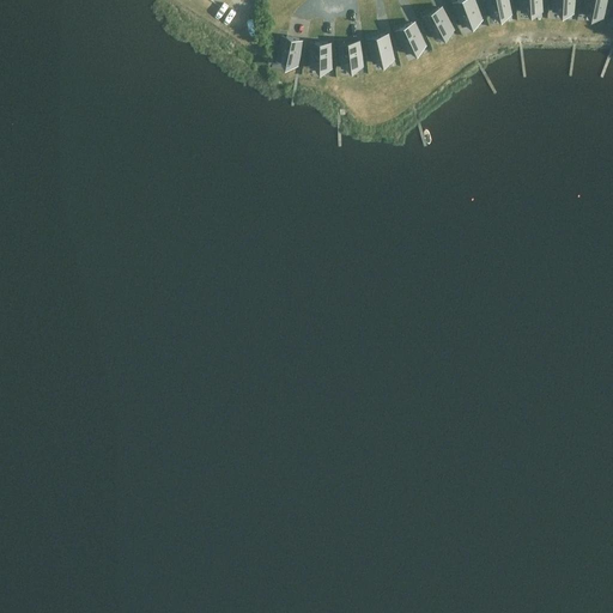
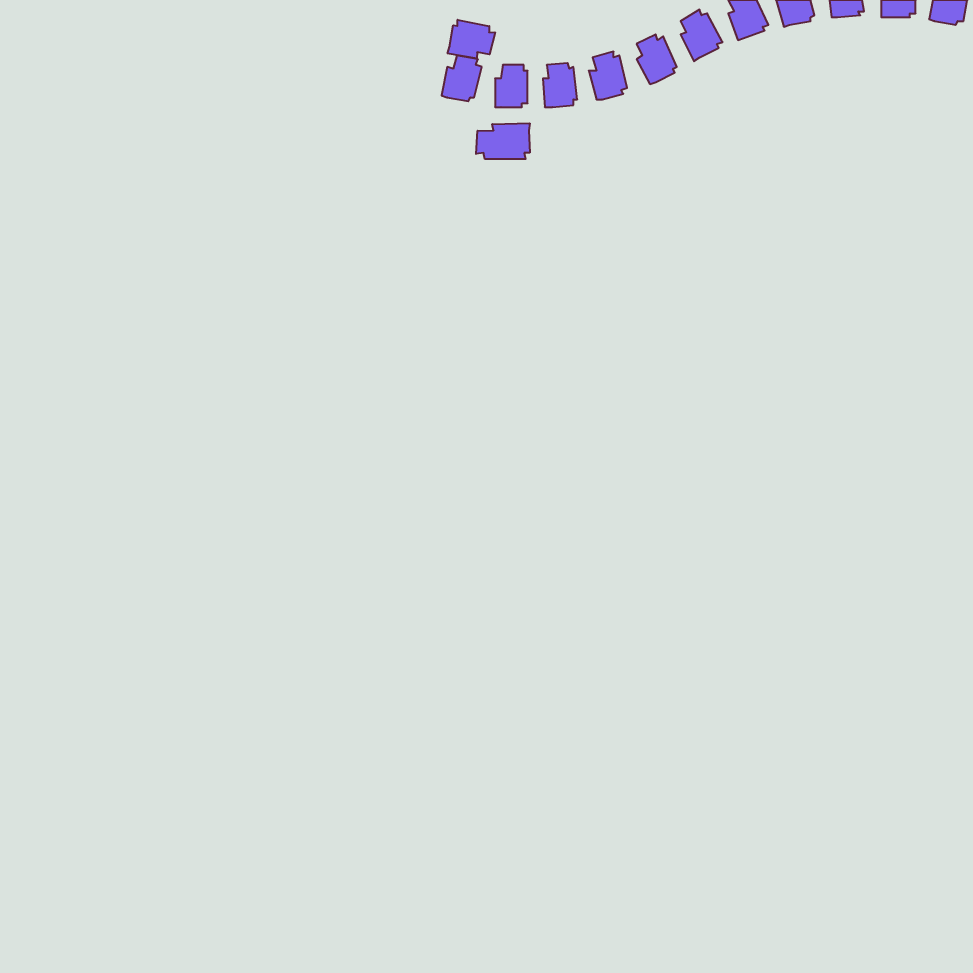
building: none -> [448,20,495,58]
building: none -> [476,123,530,159]

